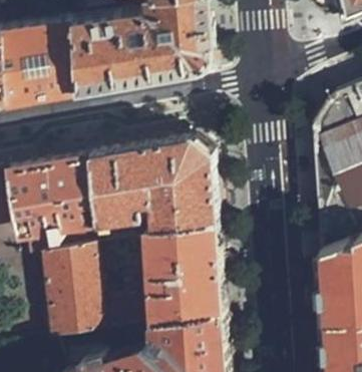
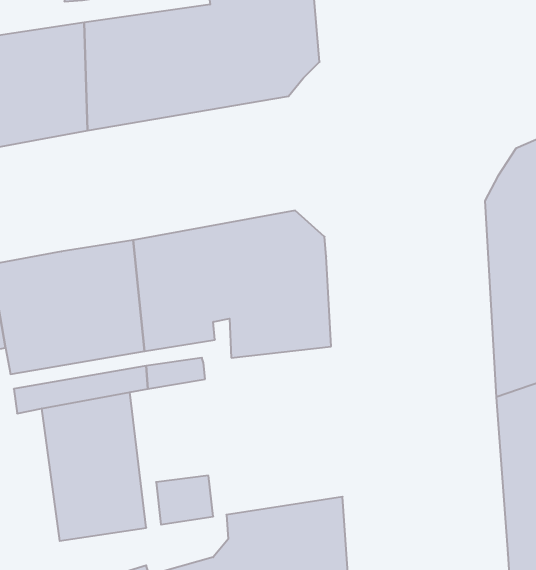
building: [149,223,226,326] -> none

